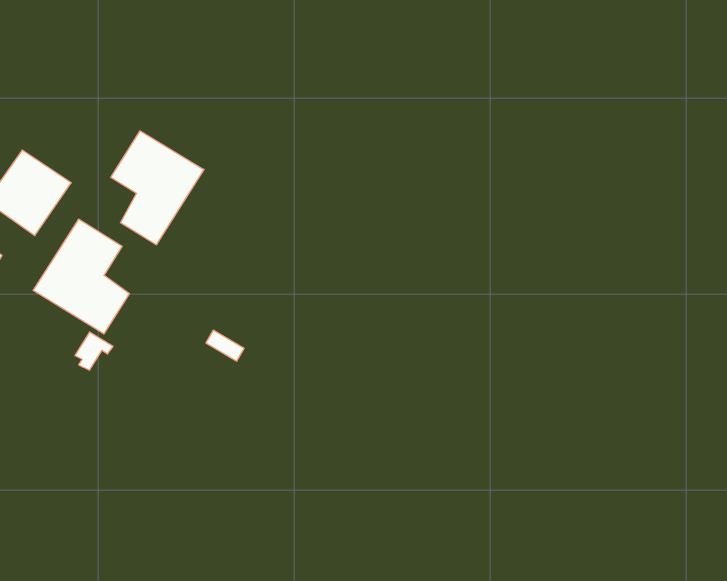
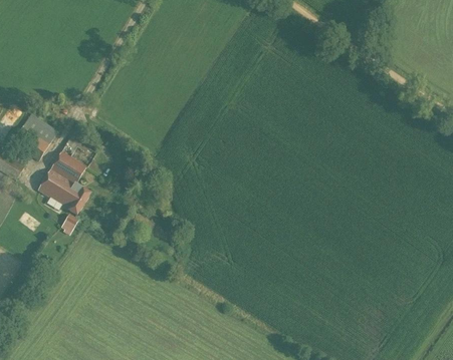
building: [111,131,204,245] -> none

